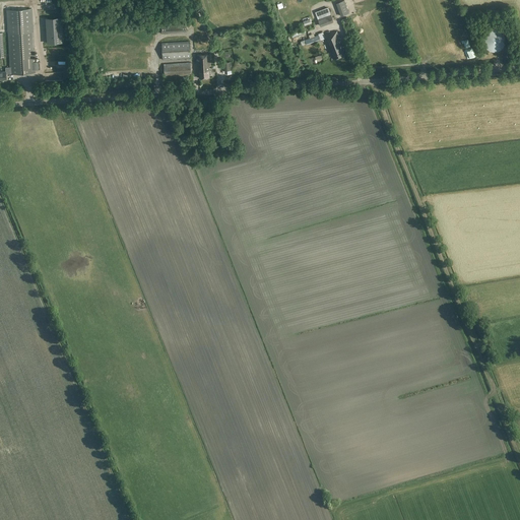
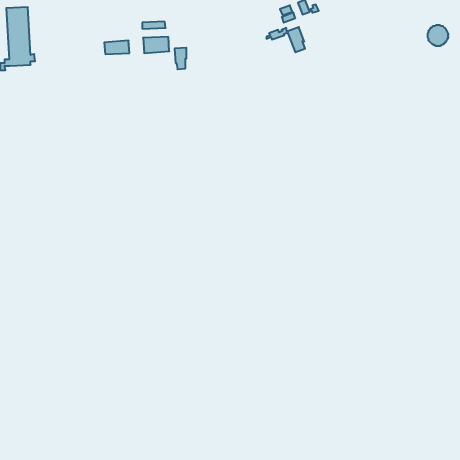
building: [46,19,63,44] -> none
building: [164,62,192,77] -> [104,41,129,54]

